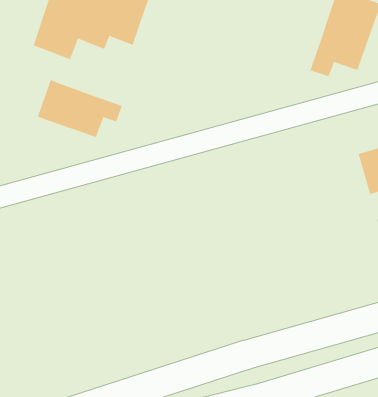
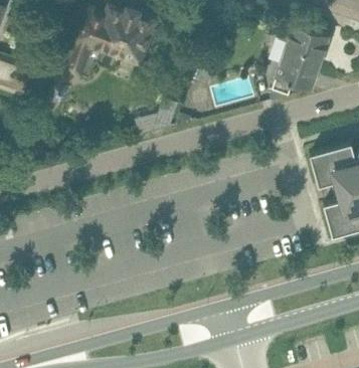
building: [37,79,123,138] -> none

